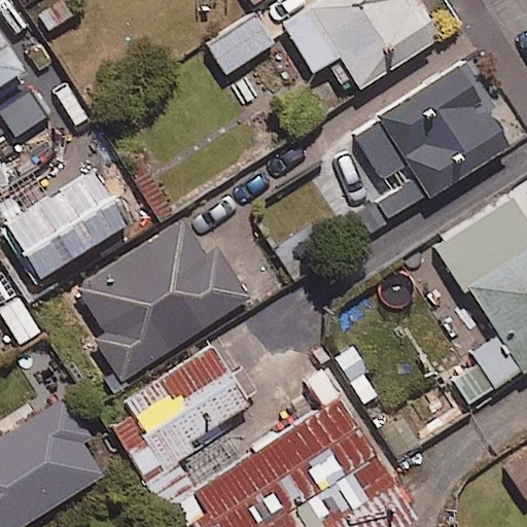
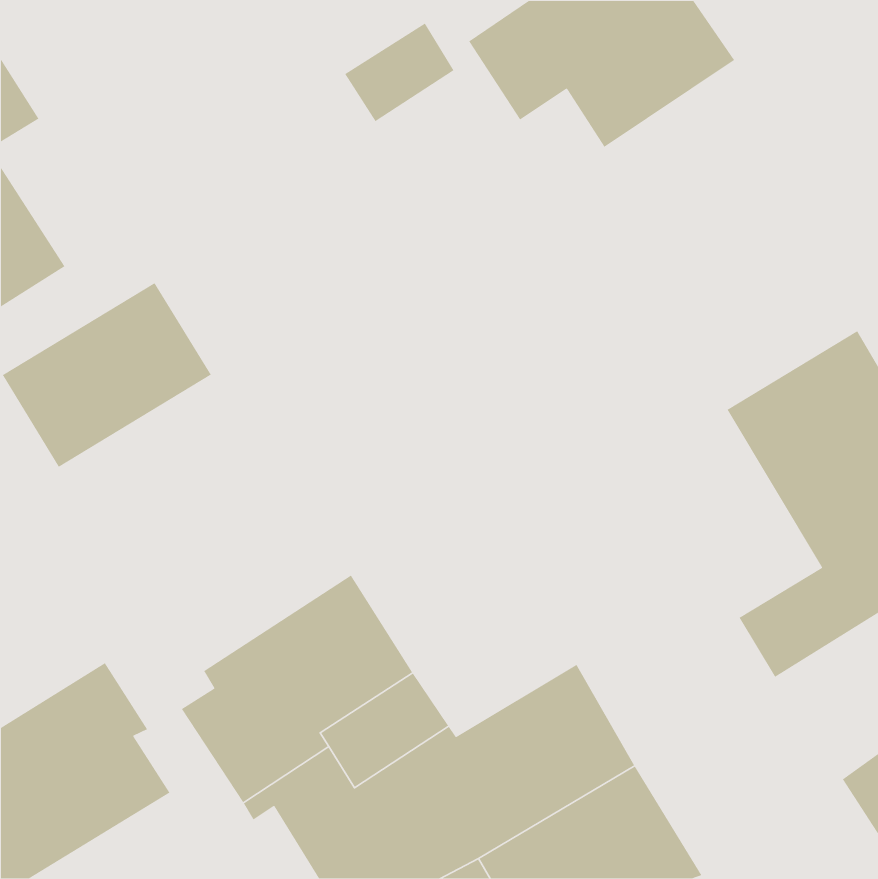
building: [350,60,512,235] -> none
building: [78,221,249,380] -> none

